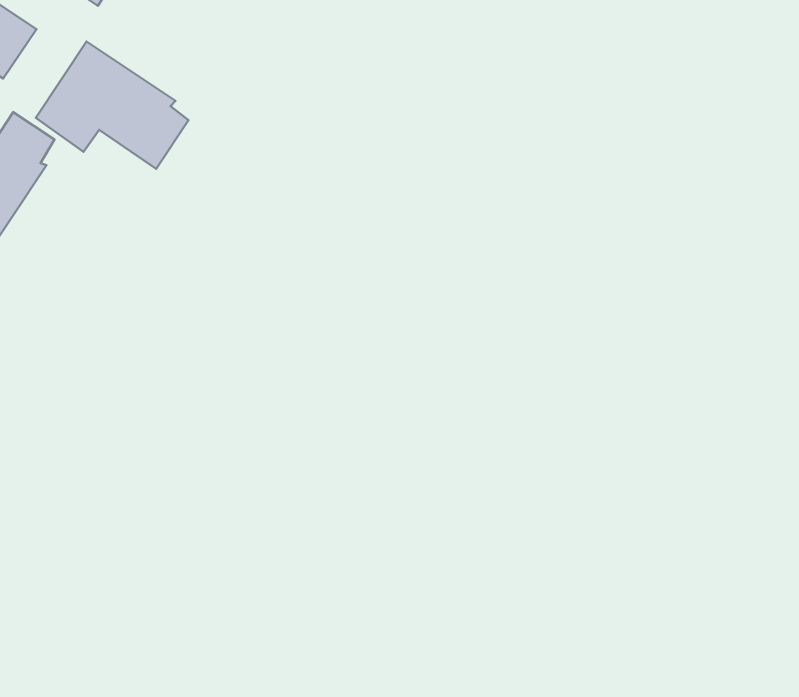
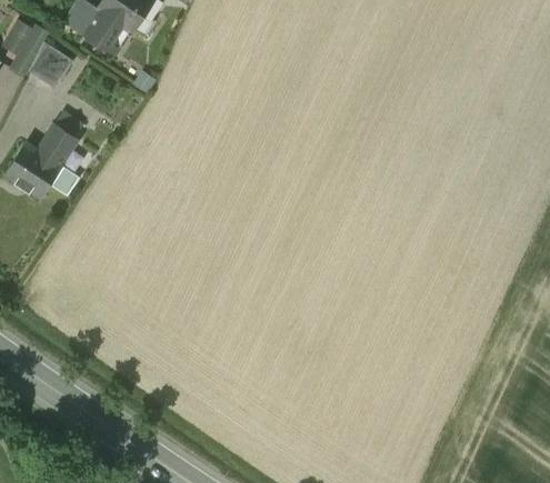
building: [36,42,188,169] -> none

